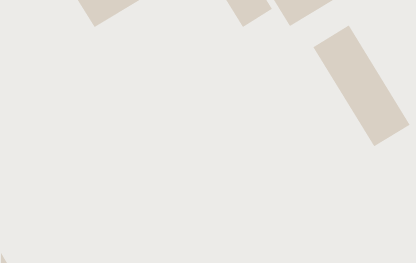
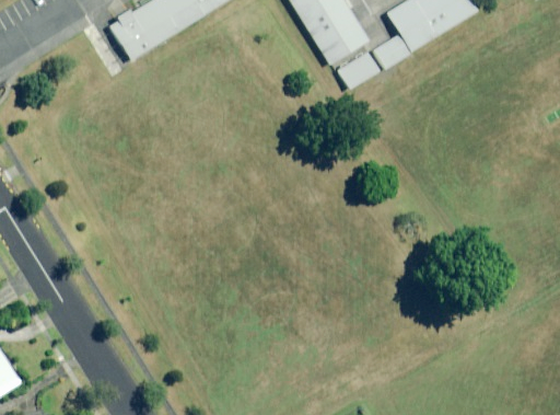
building: none -> [338,46,381,85]
building: [313,25,411,147] -> none

